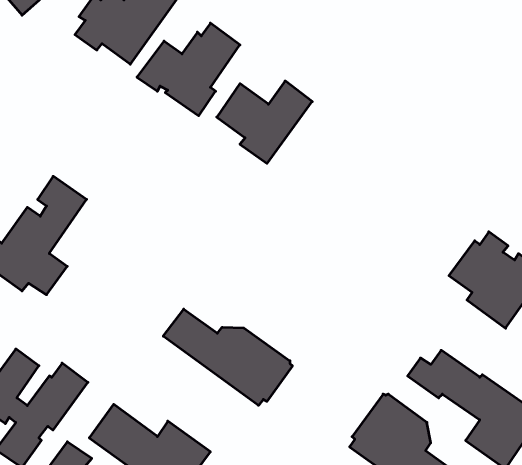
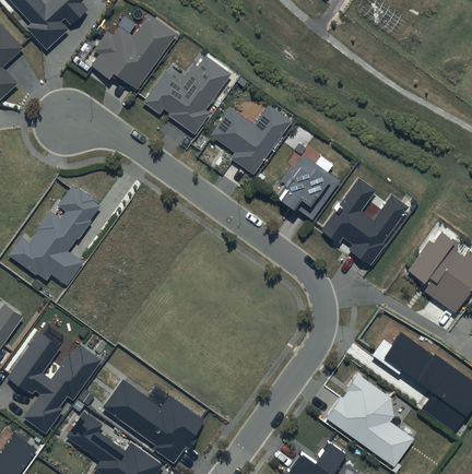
building: none -> [274,155,339,220]
building: none -> [321,178,409,266]
building: [163,309,292,405] -> none

